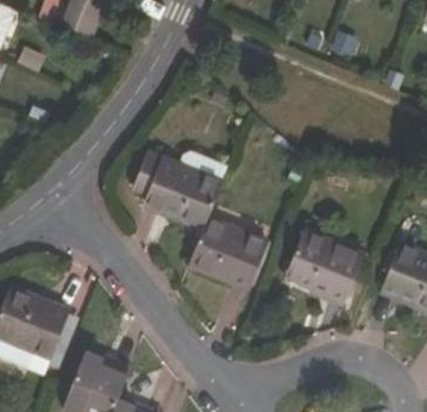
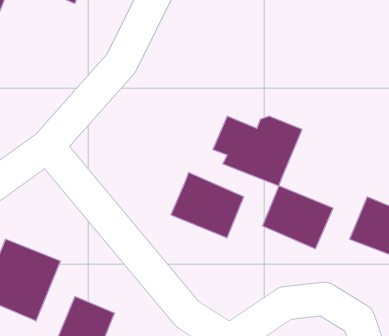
building: [133,151,230,226] -> [213,116,302,186]

